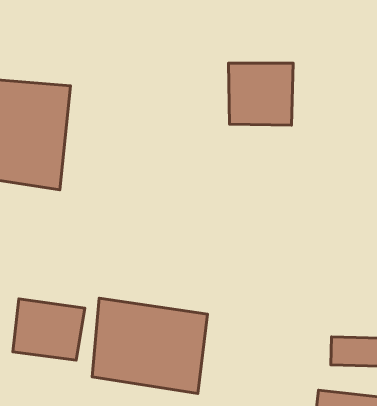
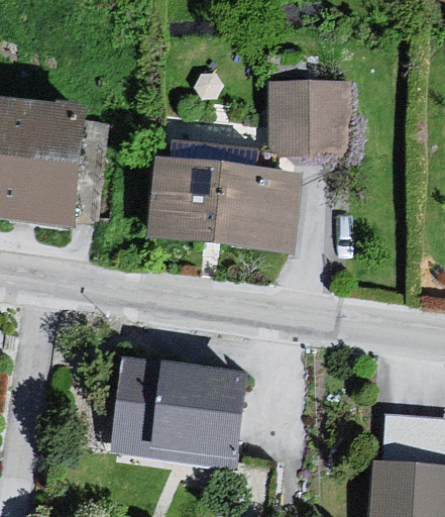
building: none -> [147,157,299,250]
building: [13,299,85,360] -> none

